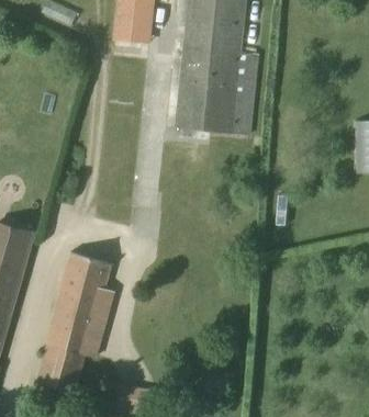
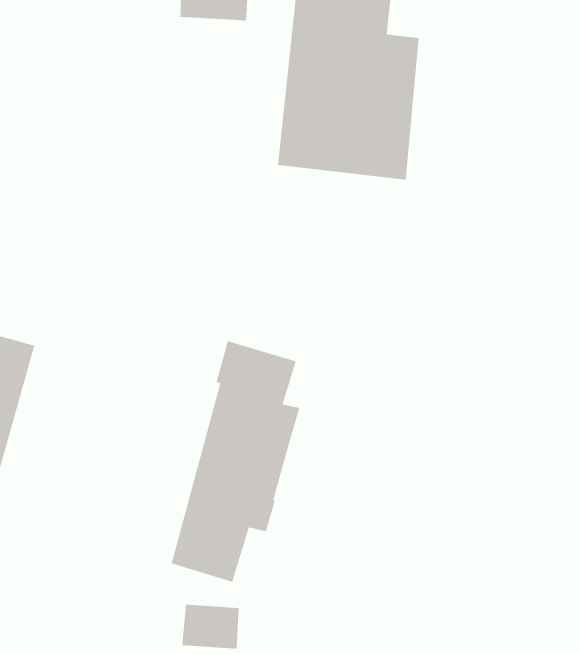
building: [37,251,113,393] -> [171,340,300,582]

